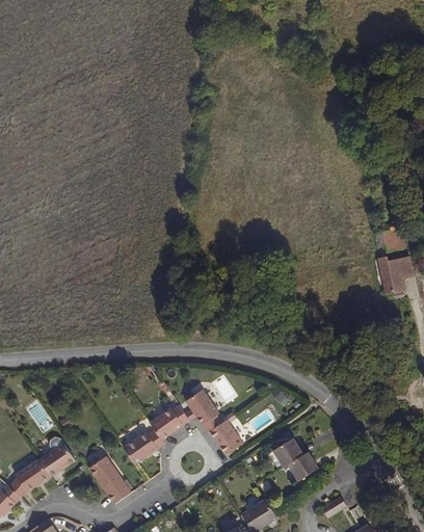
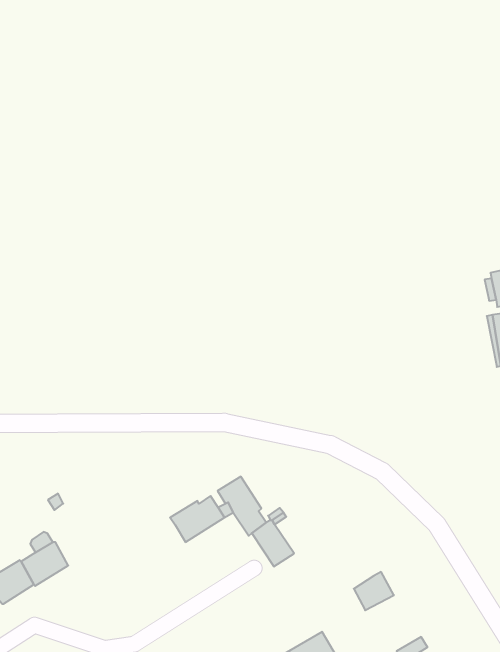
building: [122,426,164,463] -> none
building: [273,441,302,470] -> none
building: [88,455,132,504] -> none

